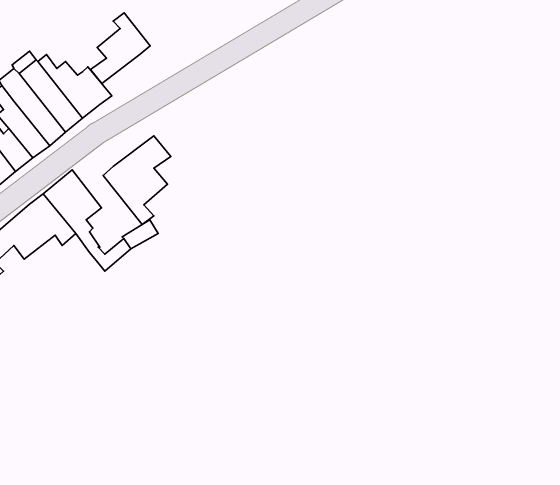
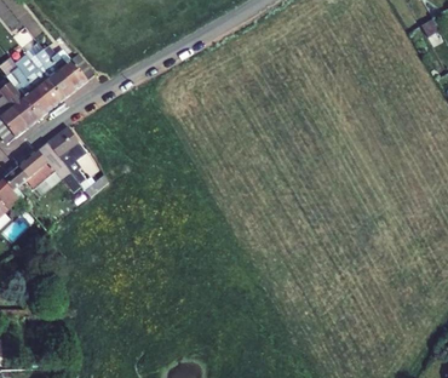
building: [91,13,150,83] -> none
building: [103,136,171,224] -> none

